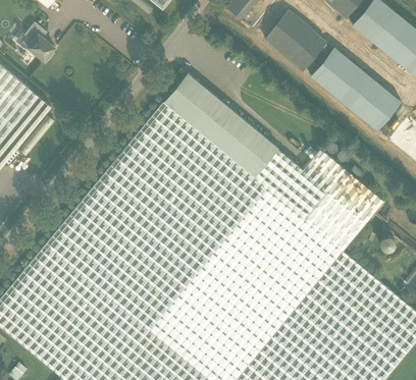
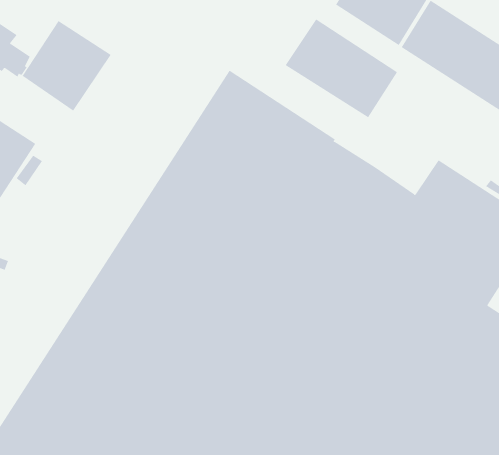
building: none -> [22,20,112,111]
building: none -> [285,19,398,118]

